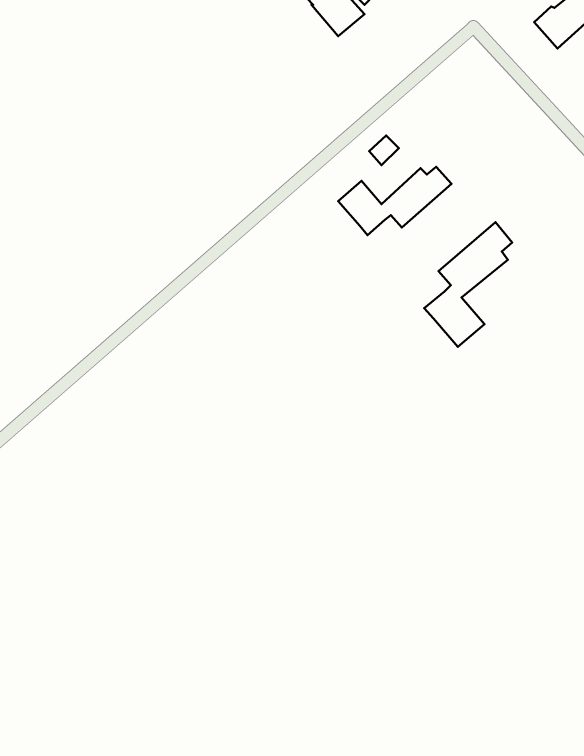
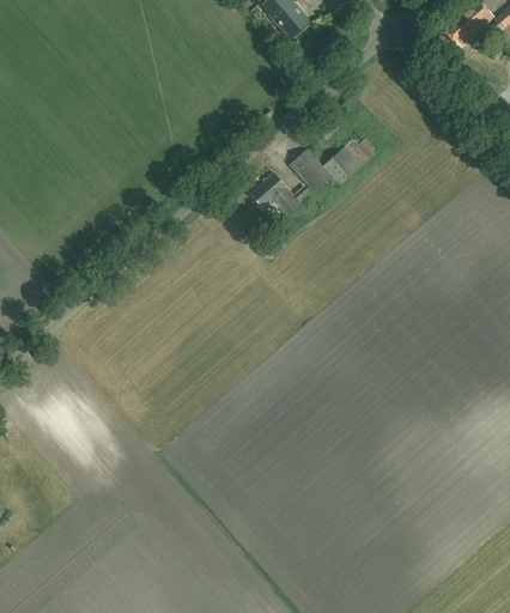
building: none -> [248,172,310,214]
building: [424,222,512,347] -> none

